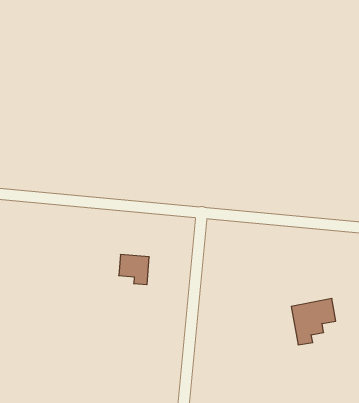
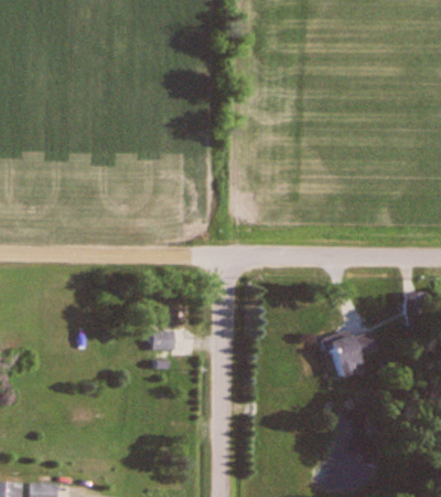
building: none -> [152,332,175,352]

